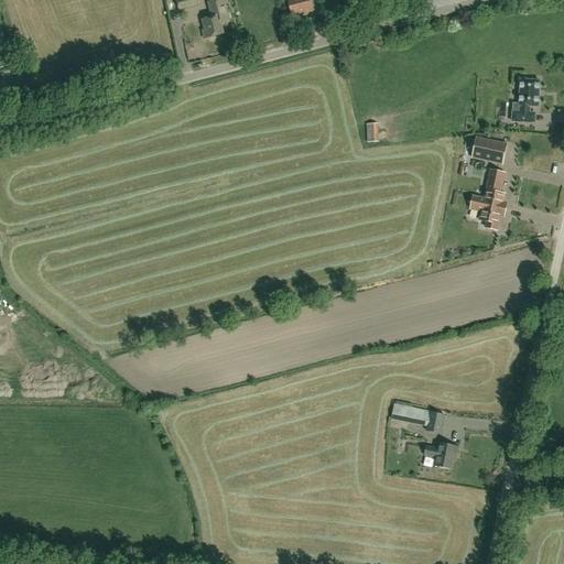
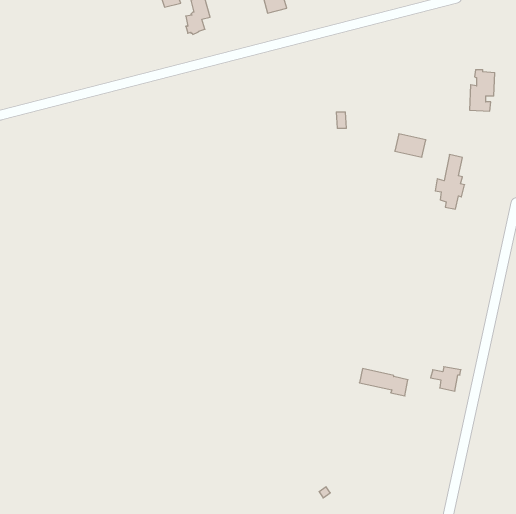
building: [473,137,507,162] -> [395,134,426,157]
building: [425,442,458,468] -> [431,367,461,391]

